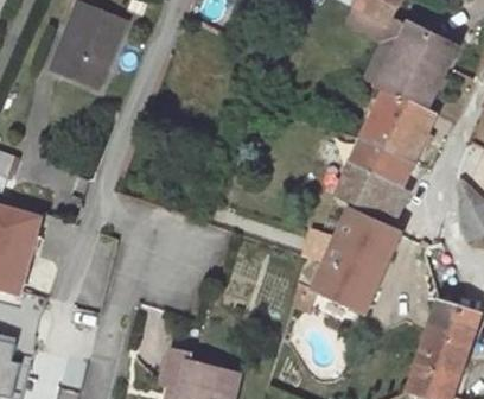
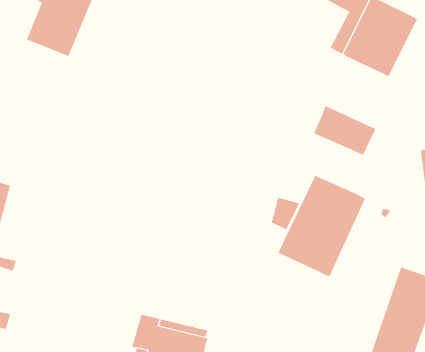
building: [361,88,435,160] -> none
building: [337,165,408,220] -> none

